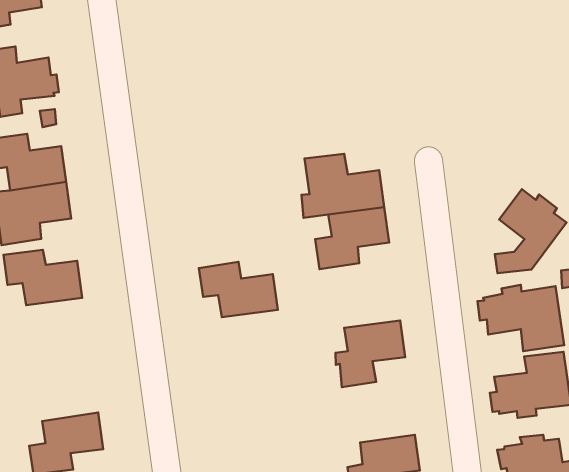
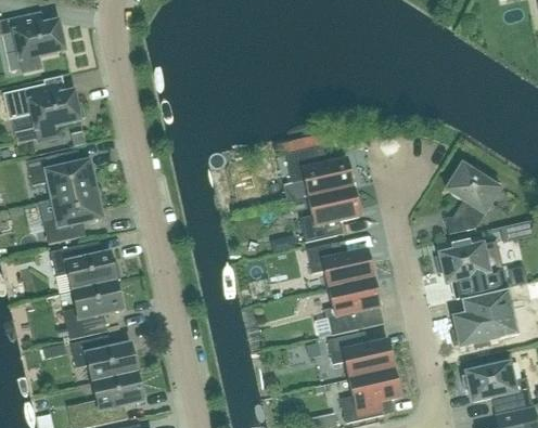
building: [199,262,278,317] -> [307,242,373,287]
building: none -> [63,281,123,339]
building: none -> [71,336,137,382]
building: none -> [326,333,393,378]

